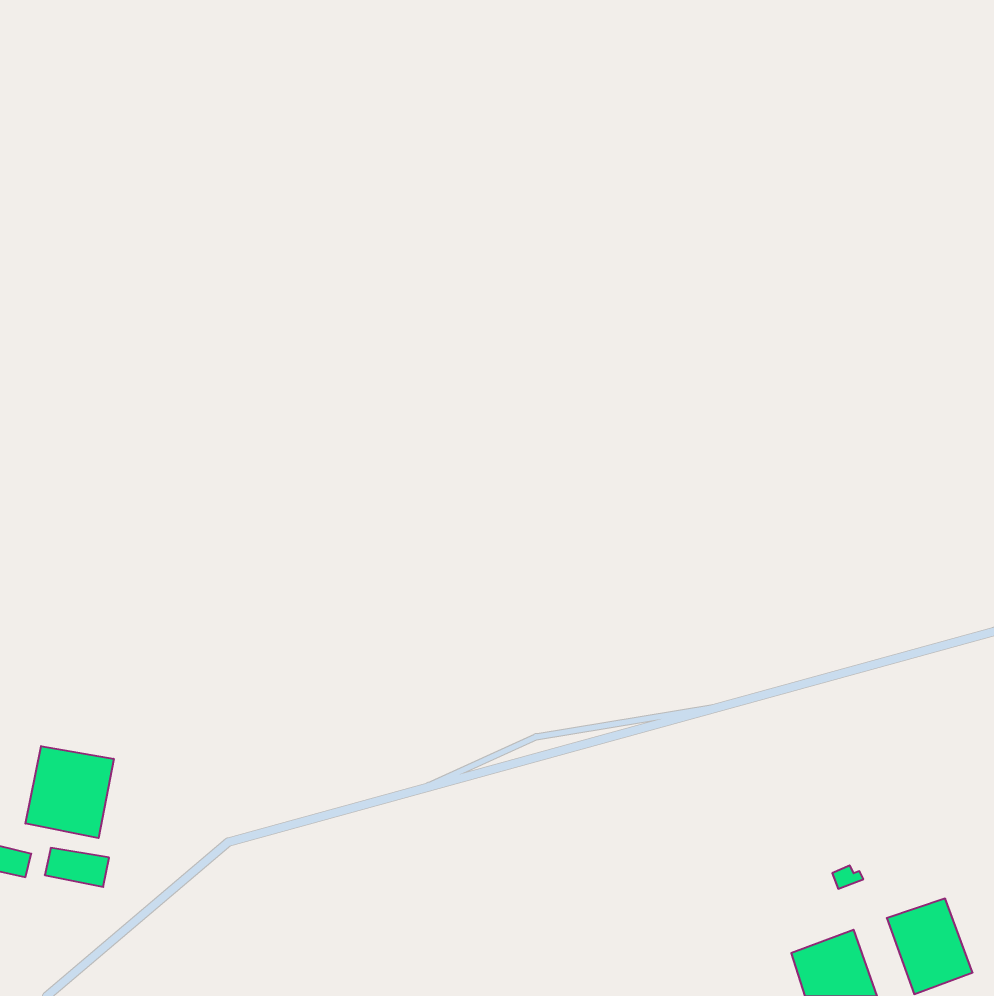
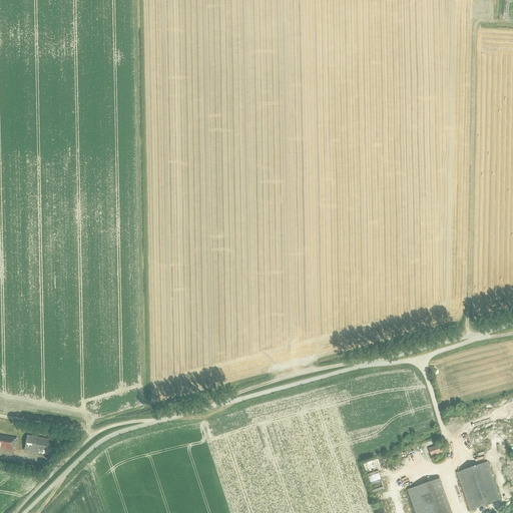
building: [25,746,114,838] -> none

